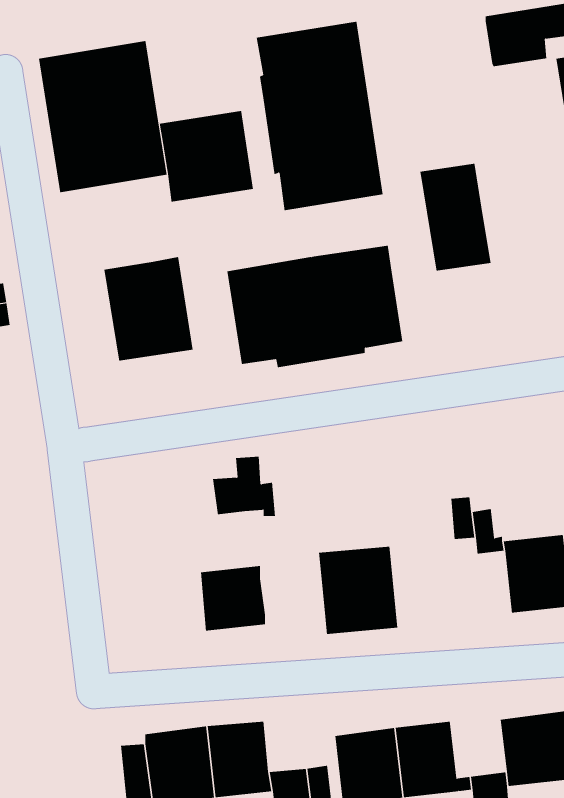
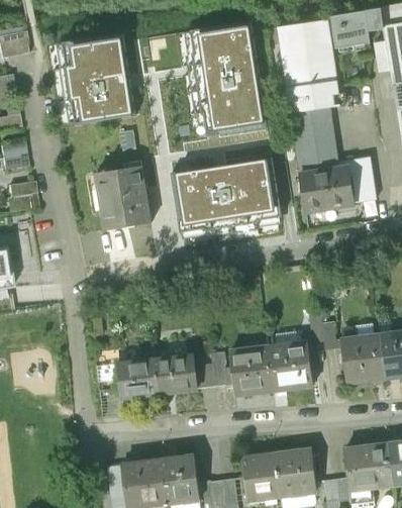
building: none -> [279,19,344,112]
building: [159,110,253,203] -> none
building: none -> [296,158,377,211]
building: [212,456,276,517] -> [194,349,233,387]
building: none -> [274,339,315,394]
building: none -> [117,360,160,400]

